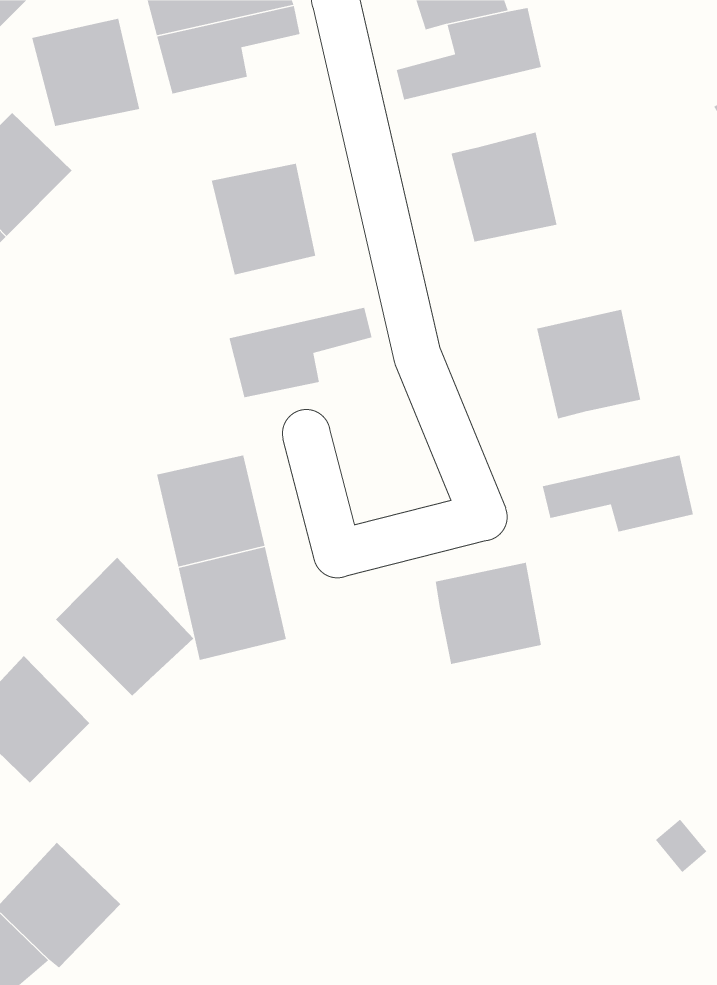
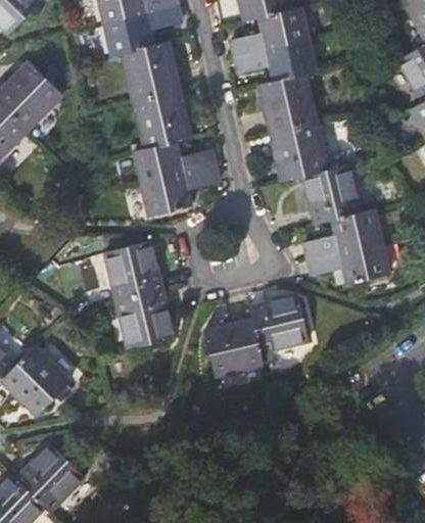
building: [31,18,140,127] -> [121,41,178,98]
building: none -> [234,39,314,81]
building: none -> [271,122,326,181]
building: none -> [134,141,214,181]
building: none -> [303,211,379,258]
building: [55,557,194,697] -> none
building: none -> [204,322,262,377]

